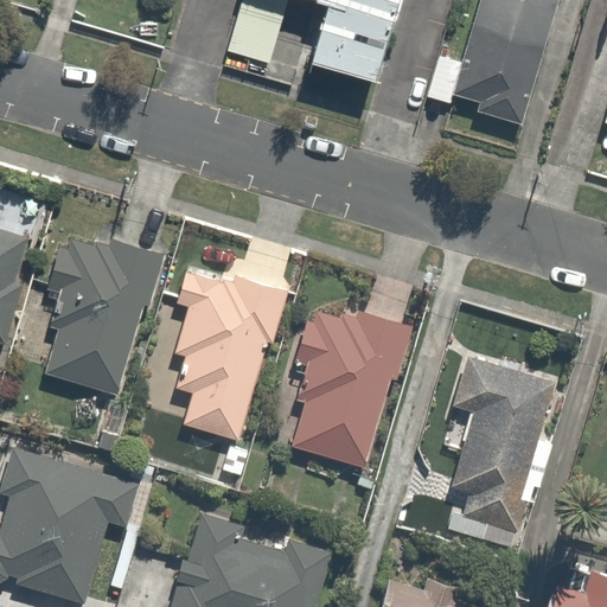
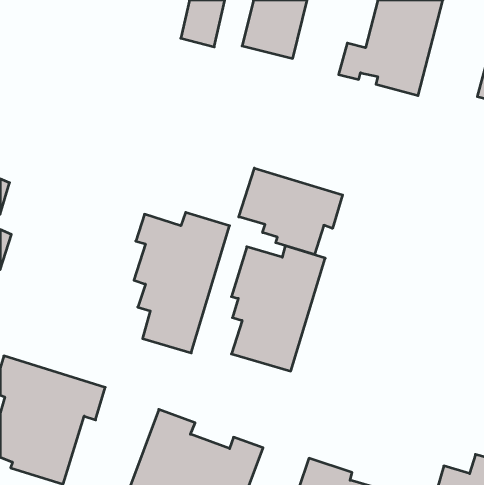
building: none -> [239,168,343,254]
building: [43,237,161,395] -> none
building: [442,353,558,543] -> none

